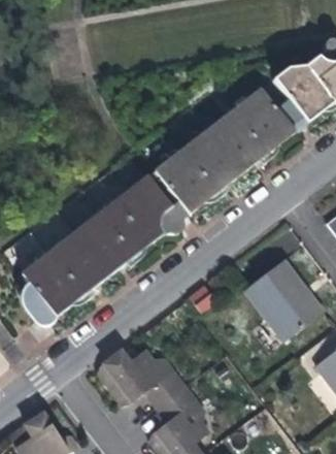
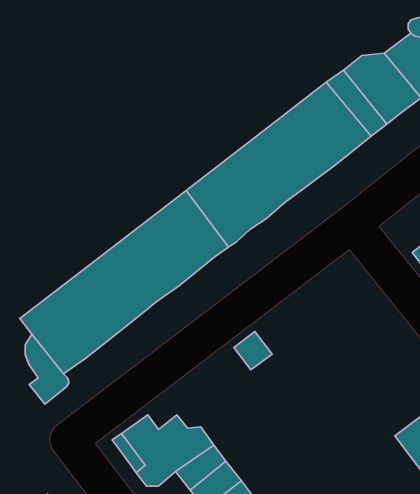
building: [244,258,324,340] -> none

